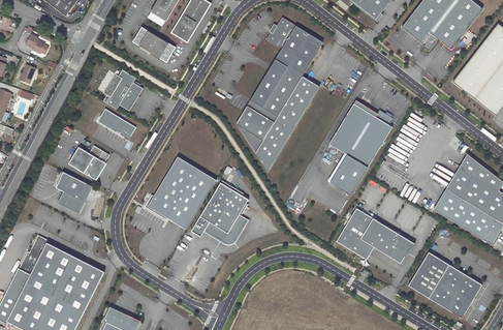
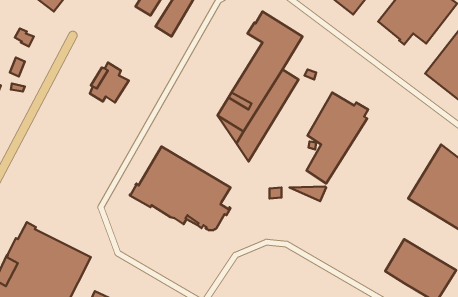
building: [133,27,176,62] -> none
building: [97,109,135,141] -> none
building: [67,146,108,180] -> none
building: [55,172,87,213] -> none
building: [337,208,415,263] -> none

